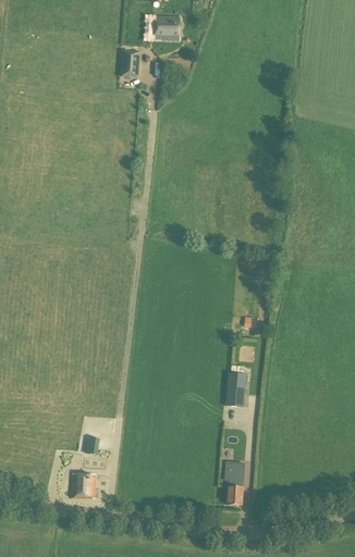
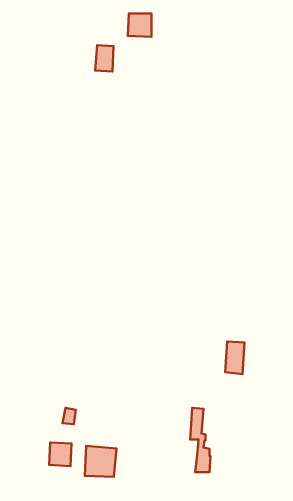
building: [225,372,246,407] -> [225,342,245,374]
building: none -> [85,446,116,477]

